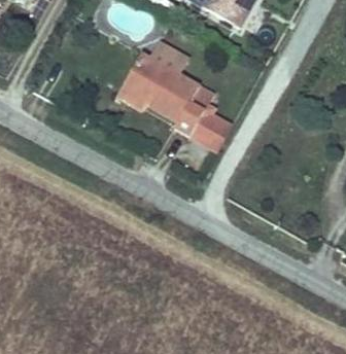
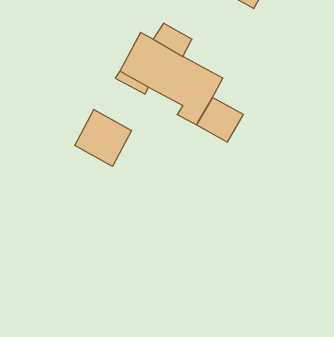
building: none -> [75,109,132,166]

